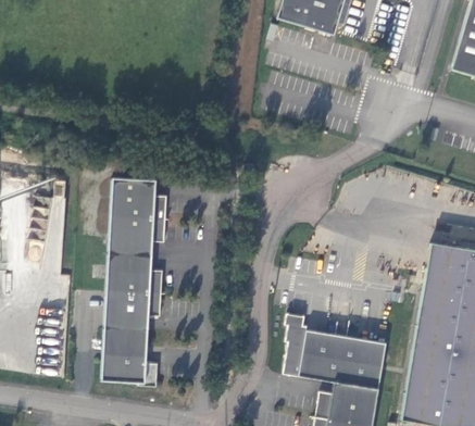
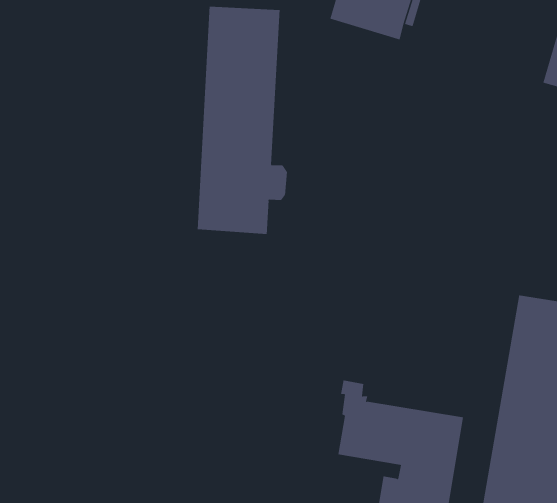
building: none -> [197,6,288,235]
building: [101,177,166,386] -> none

